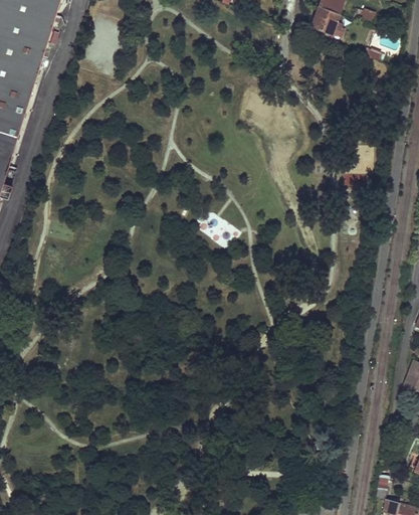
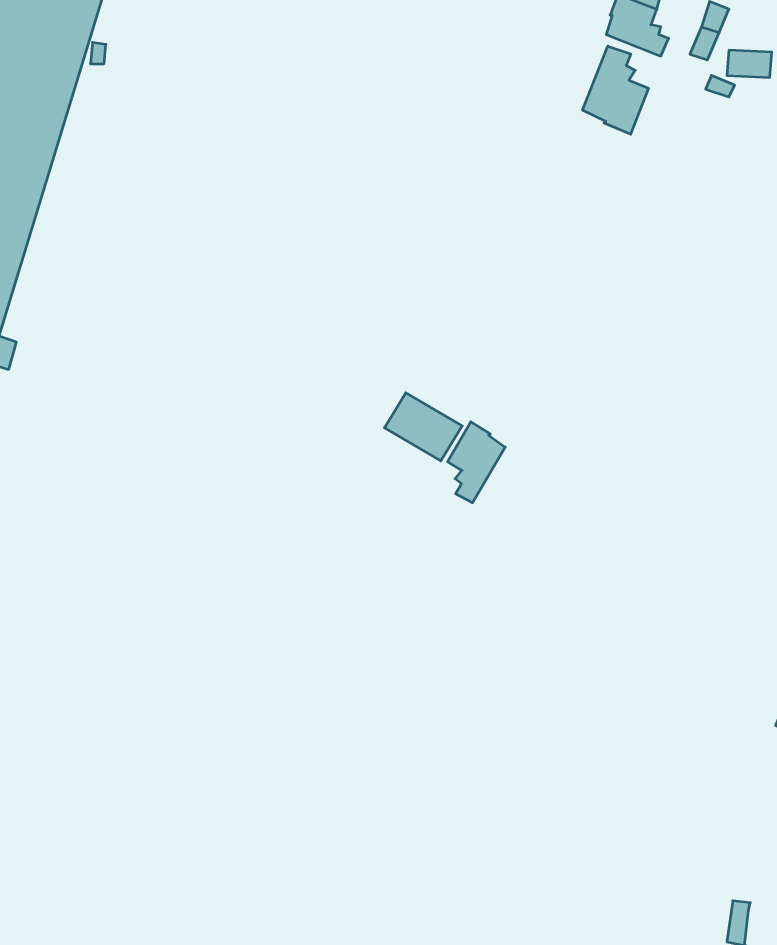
building: none -> [583,46,648,134]
building: none -> [448,422,505,503]

